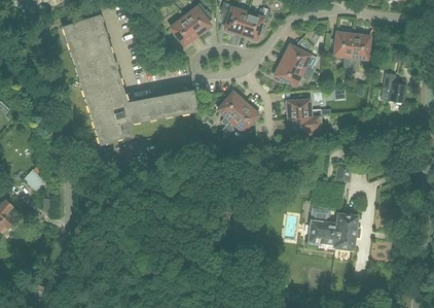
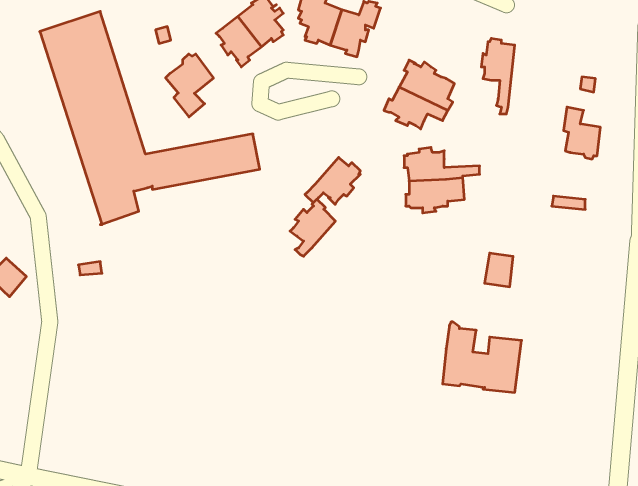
building: [349,33,371,73] -> none
building: none -> [166,54,213,117]
building: [217,90,245,125] -> [290,199,335,256]

